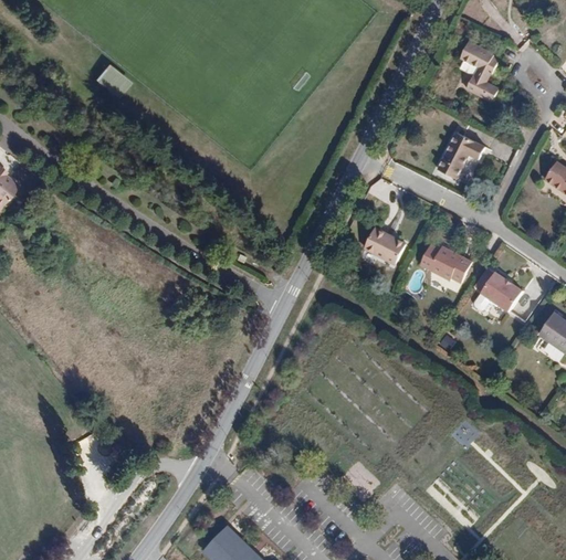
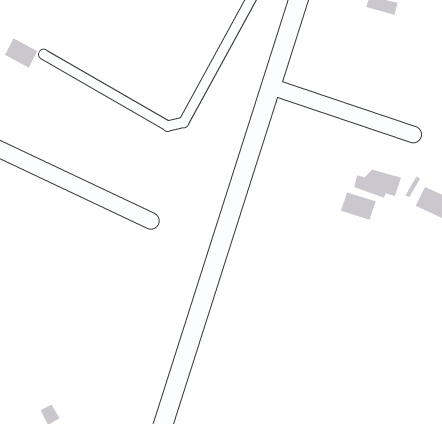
building: [439,138,480,179] -> none
building: [363,229,401,262] -> [340,191,377,221]

